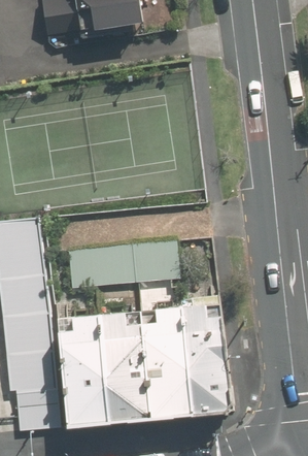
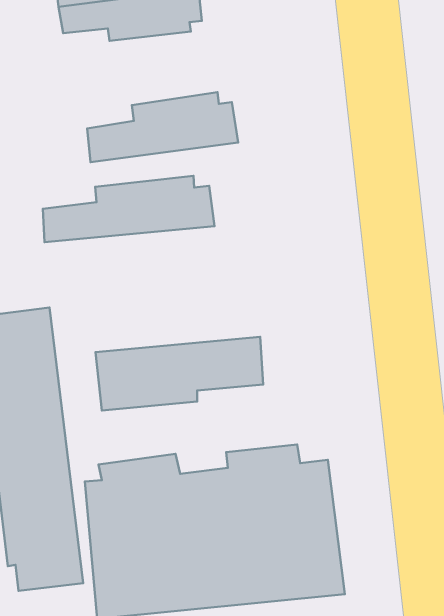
building: none -> [87,92,238,162]
building: none -> [43,176,214,242]

